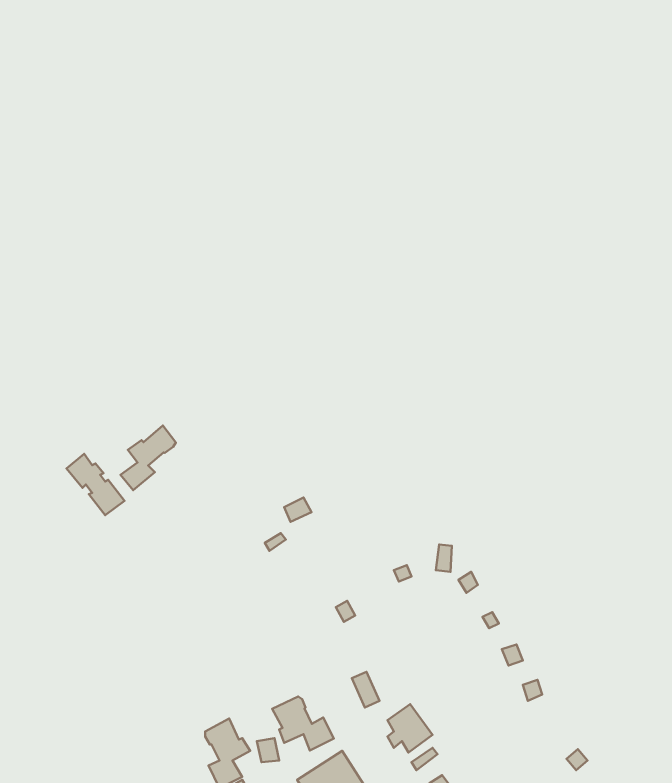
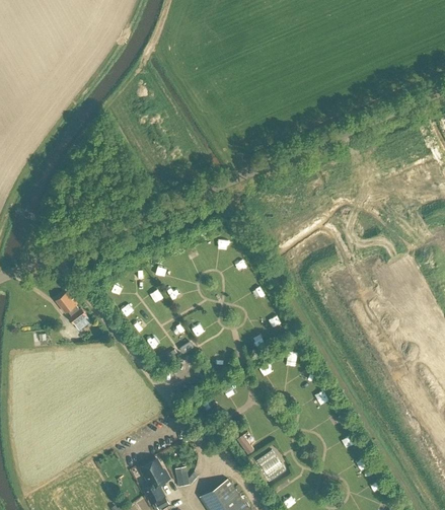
building: [121,425,176,490] -> none
building: [272,697,334,750] -> none

